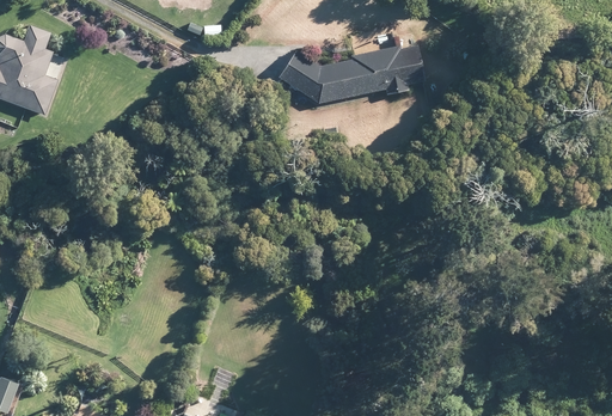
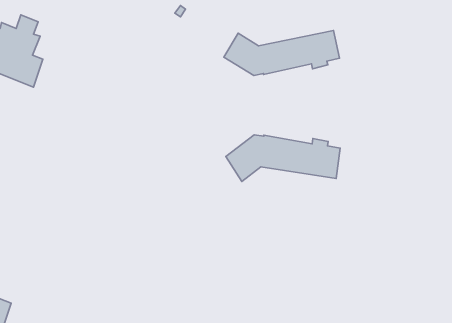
building: none -> [226,135,340,181]

